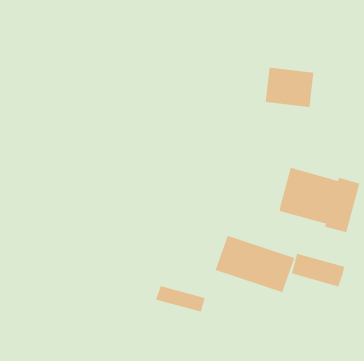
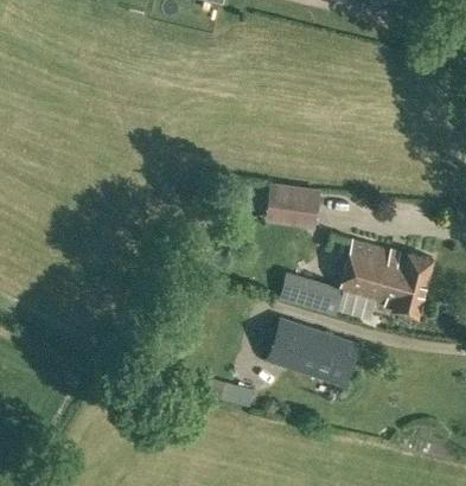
building: [265,67,314,107] -> [266,184,323,230]
building: [291,253,345,287] -> [280,270,341,309]

